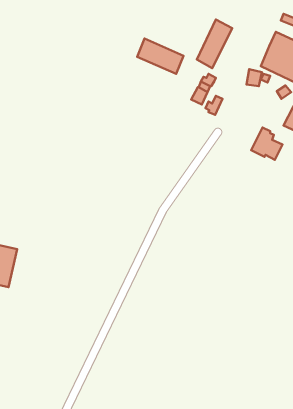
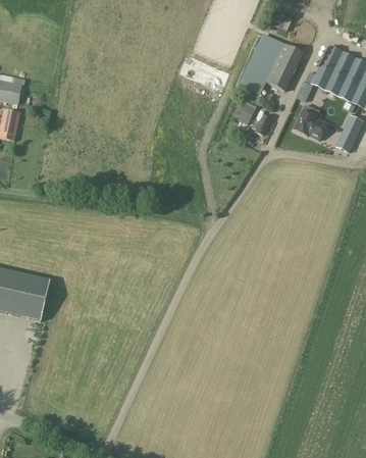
building: none -> [261,42,303,92]
building: [251,127,282,160] -> [293,105,326,140]

